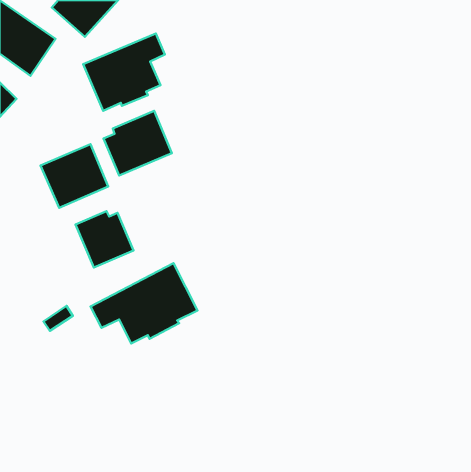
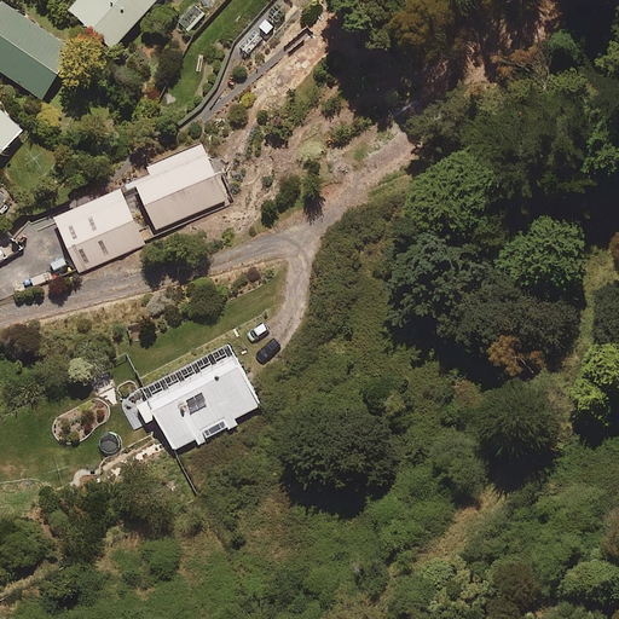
building: [83,33,165,111] -> none
building: [75,211,133,267] -> none

